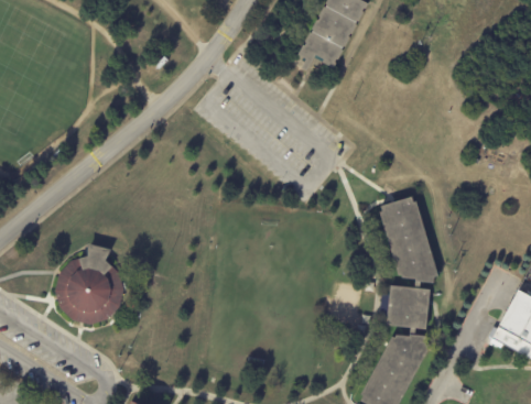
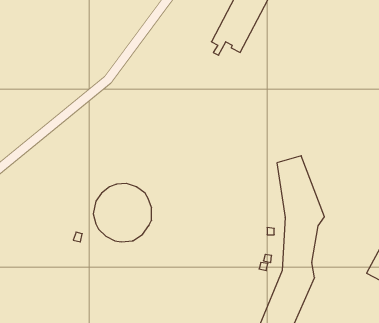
building: [50,254,121,326] -> [93,183,152,242]

